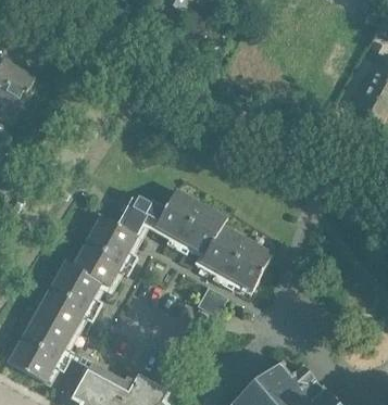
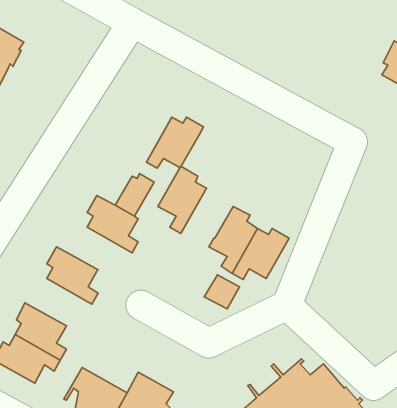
building: [175,208,226,254] -> [146,117,204,168]
building: [72,243,132,287] -> none
building: [36,289,96,331] -> none

